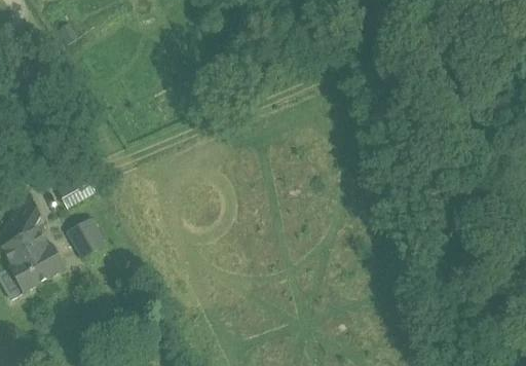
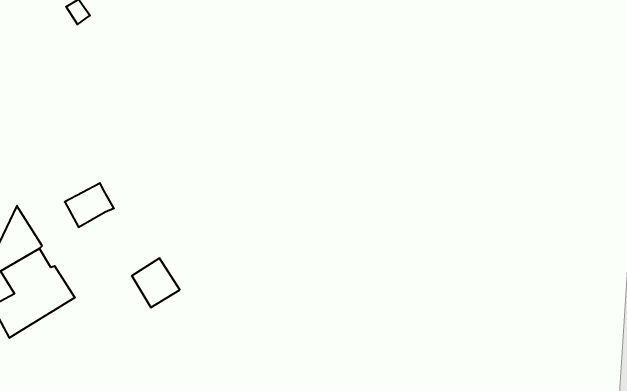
building: [65,214,104,254] -> [132,258,180,307]

